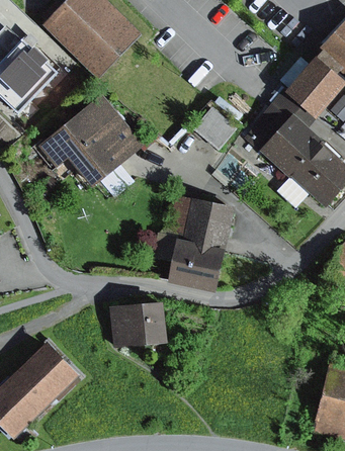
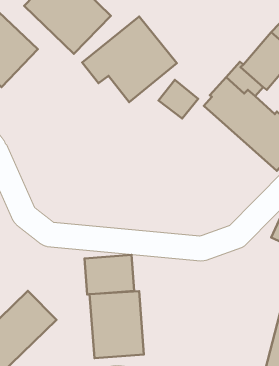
building: [37,93,144,189] -> [82,16,177,102]
building: [167,194,233,293] -> none
building: none -> [89,291,144,358]

